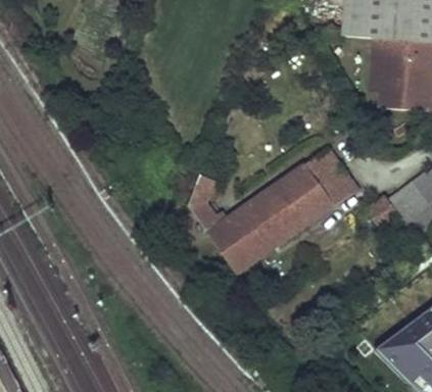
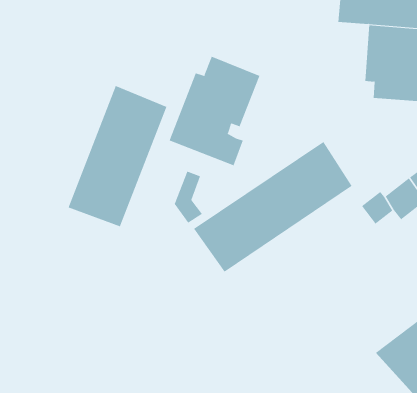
building: none -> [169,56,260,166]
building: none -> [68,85,167,227]

